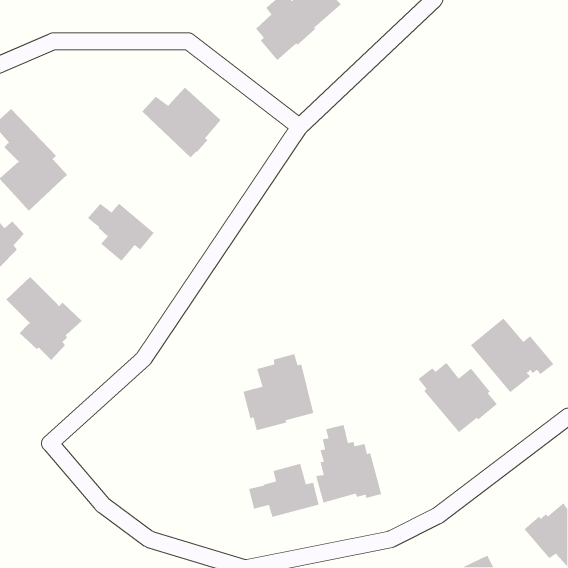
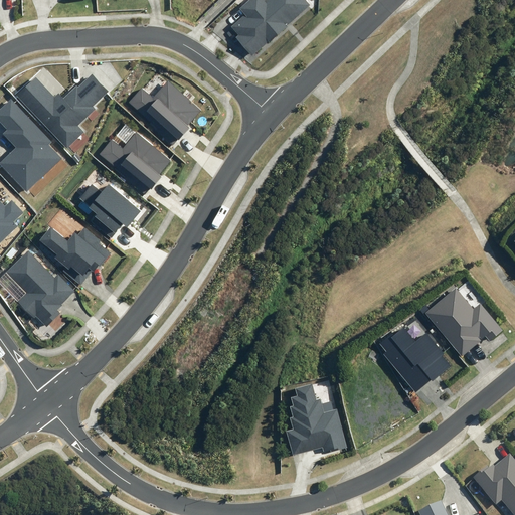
building: none -> [16,72,108,146]
building: none -> [99,132,169,190]
building: none -> [38,226,111,283]
building: [242,353,314,431] -> none
building: [248,463,319,518] -> none

